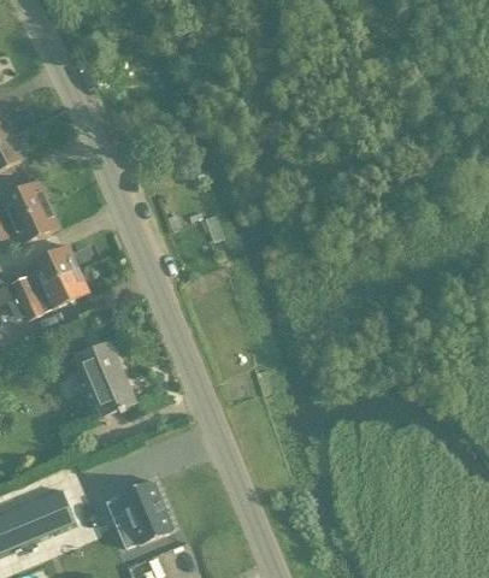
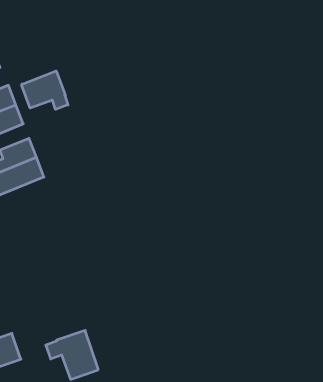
building: none -> [22,71,68,109]
building: [76,341,136,417] -> none

